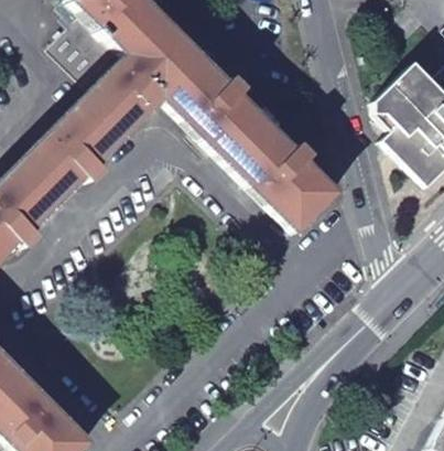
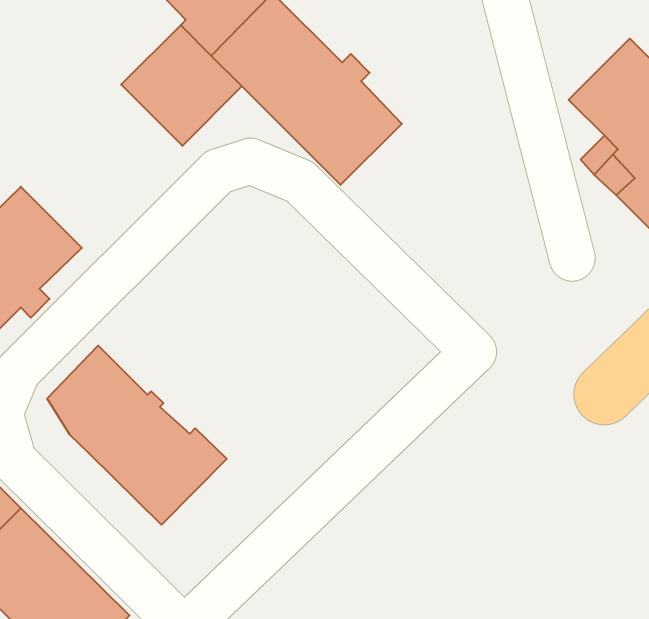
building: [20,95,124,201] -> none
building: [227,120,338,230] -> none
building: none -> [47,346,227,525]

